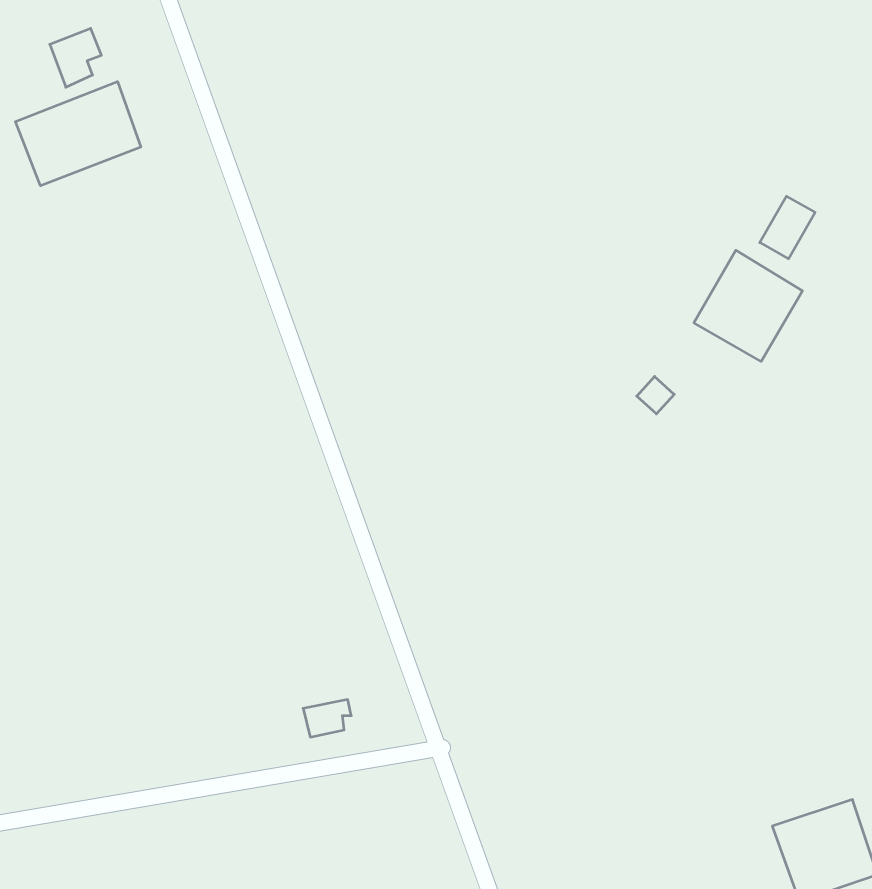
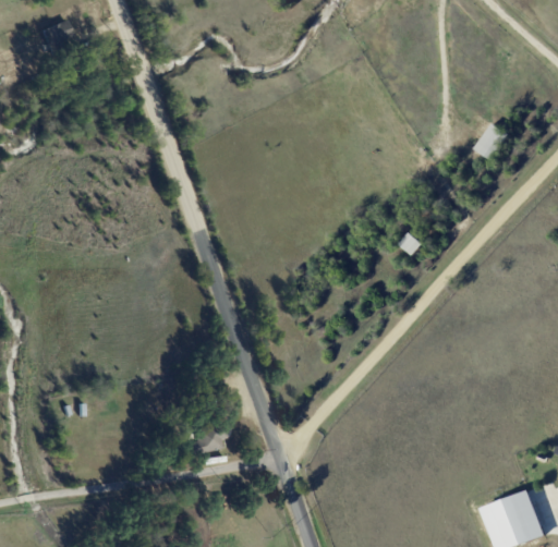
building: [15,82,141,186] -> none
building: [694,250,802,361] -> none

